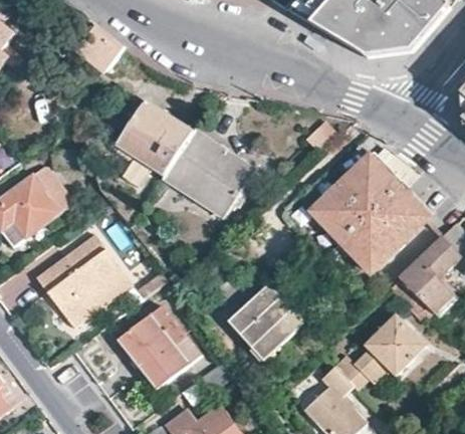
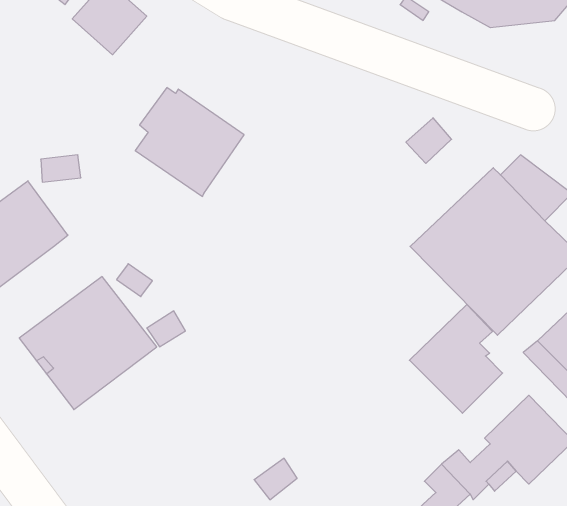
building: [165,131,256,217] -> none
building: [227,283,292,360] -> [409,304,503,413]
building: [119,304,200,388] -> none

